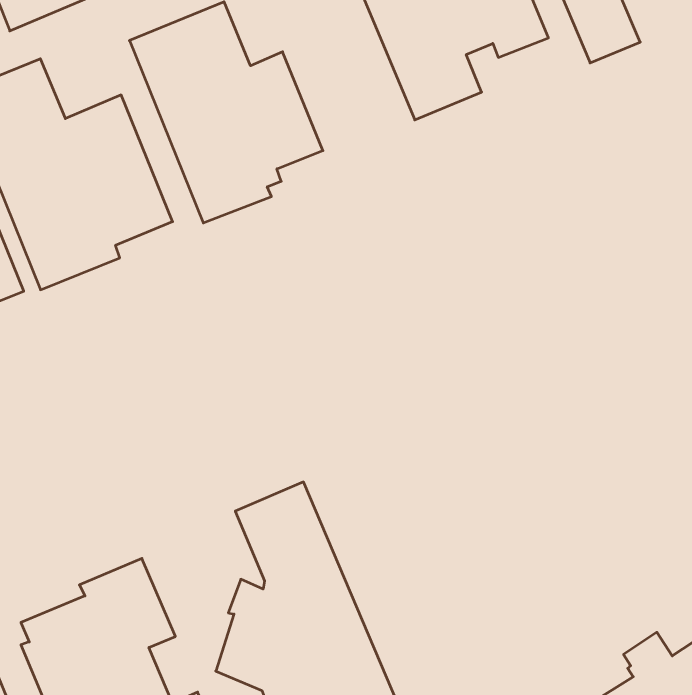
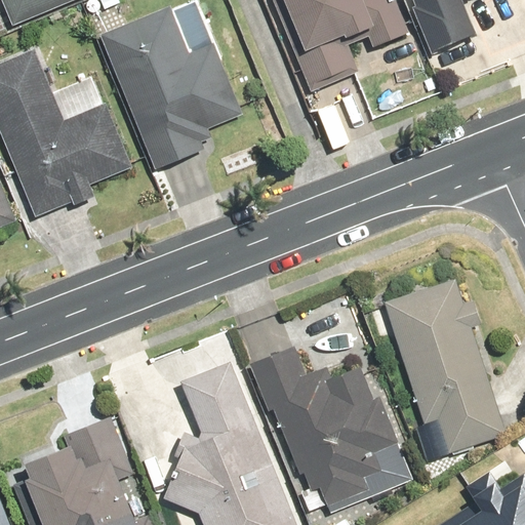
building: none -> [382,279,508,454]
building: none -> [256,346,413,513]

